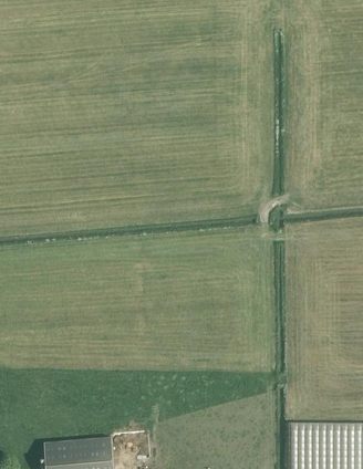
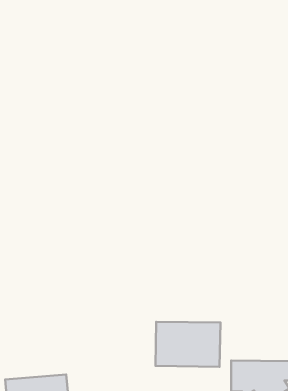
building: none -> [155,322,220,367]

